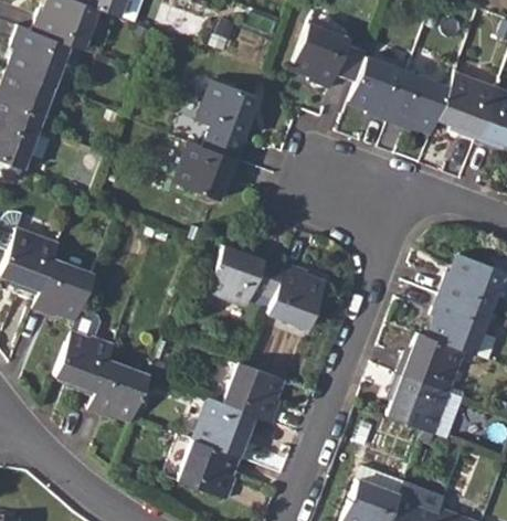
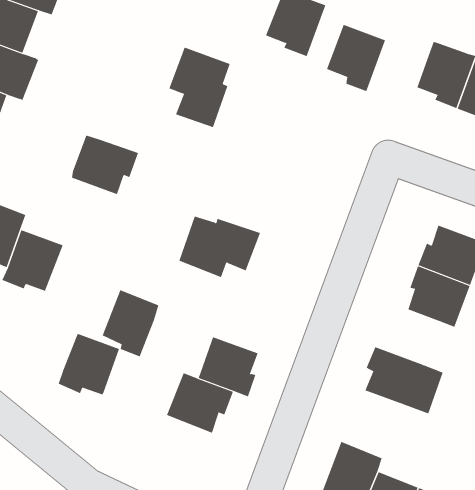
building: [390,73,450,134] -> none
building: [173,141,240,200] -> [71,135,139,195]
building: [267,262,325,327] -> none
building: [54,330,110,396] -> [102,289,159,357]
building: [398,333,462,391] -> none
building: [178,440,239,500] -> none

